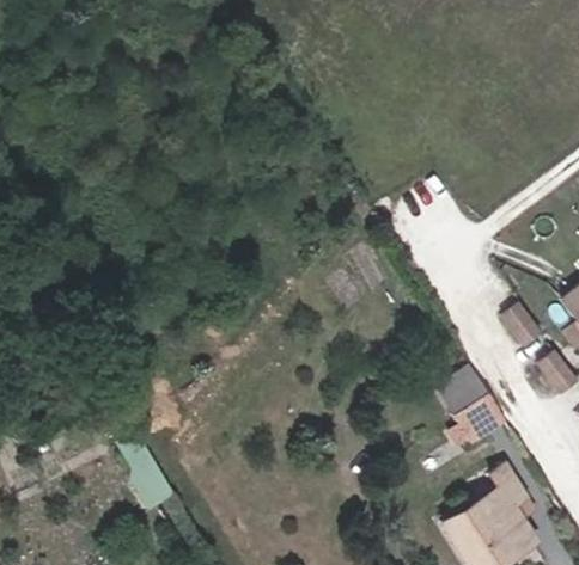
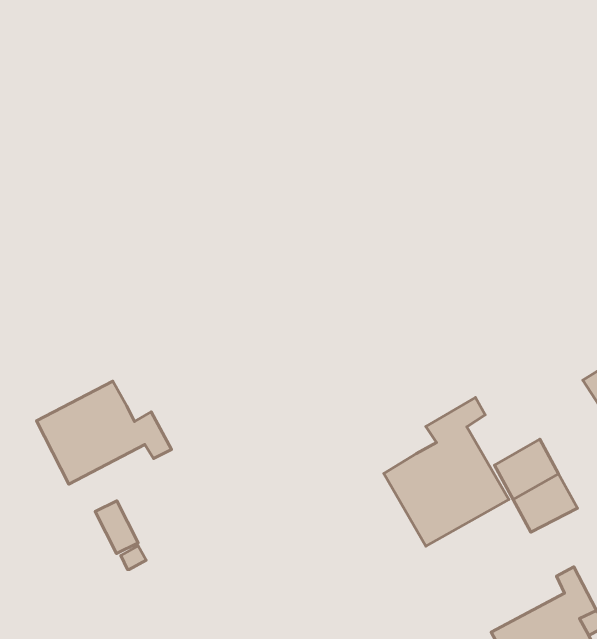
building: none -> [384,398,509,546]
building: none -> [37,381,171,484]

